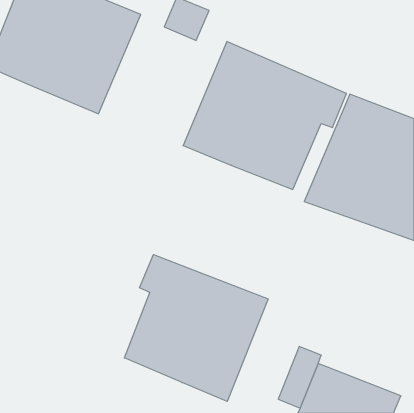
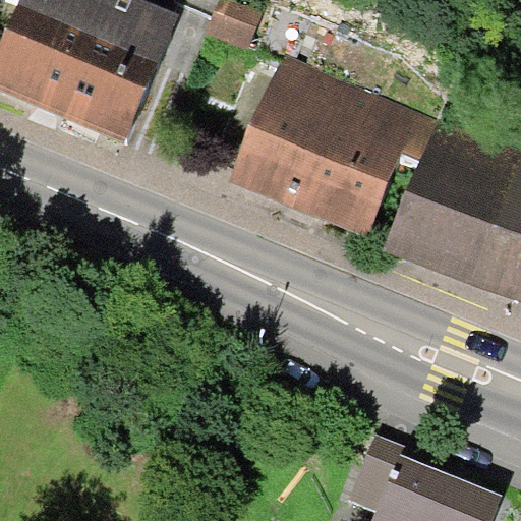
building: [124,255,268,401] -> none

